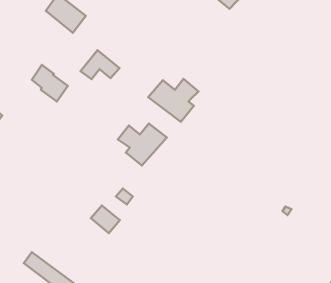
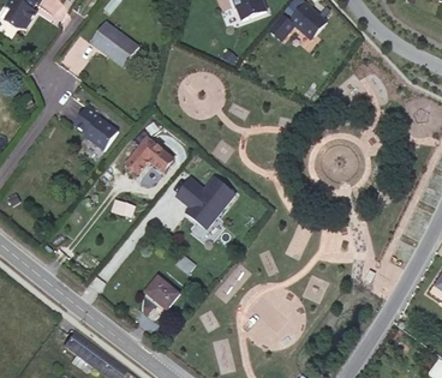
building: [81,50,119,79] -> [126,137,173,172]
building: [148,79,198,122] -> none

